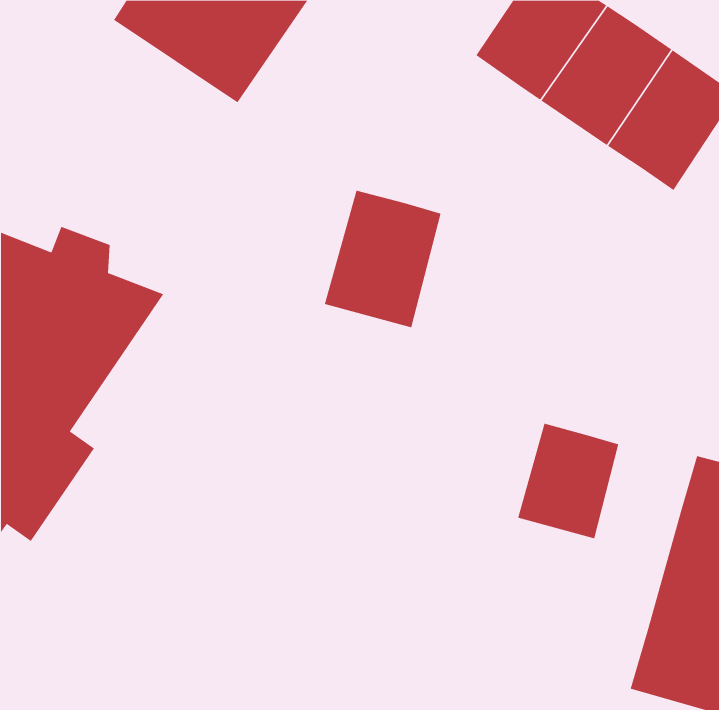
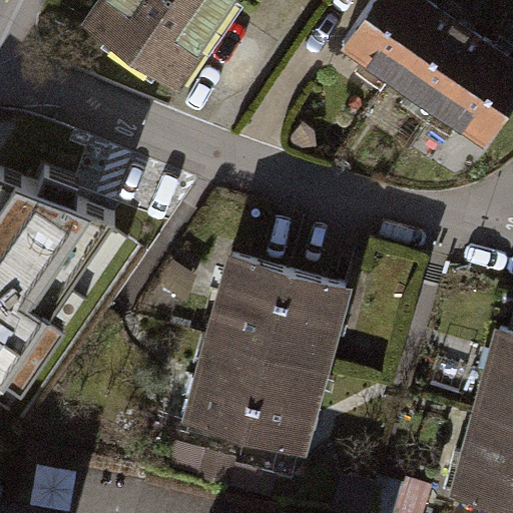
building: [324,190,441,328] -> none
building: none -> [183,259,340,454]
building: [518,423,619,539] -> none

